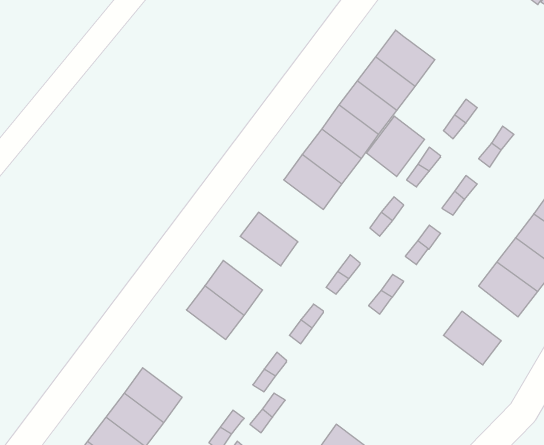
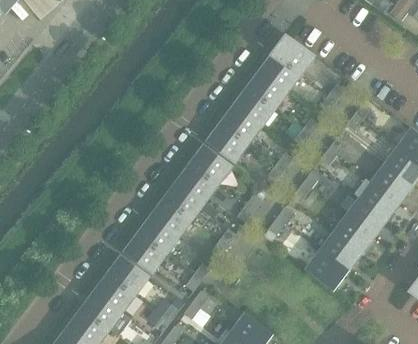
building: [367,116,425,177] -> none
building: none -> [189,145,231,184]
building: none -> [164,180,205,218]
building: none -> [333,215,373,254]
building: none -> [124,232,166,271]
building: none -> [306,250,348,289]
building: none -> [107,255,149,294]

